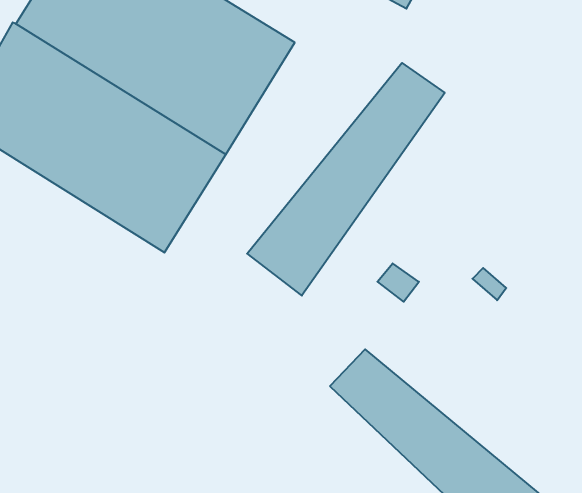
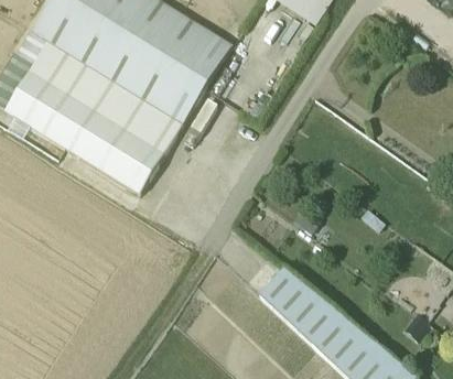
building: [247,63,445,296] -> none

